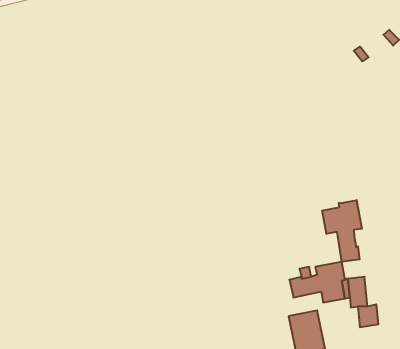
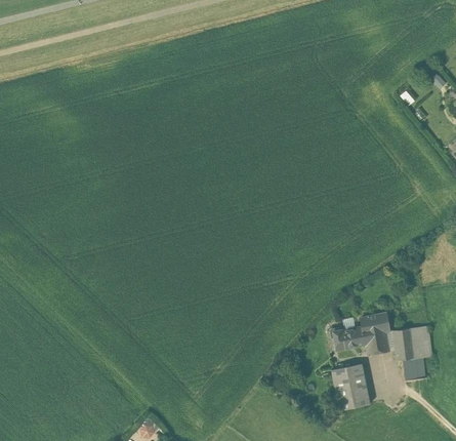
building: [322,200,362,262] -> none
building: none -> [411,324,432,358]

